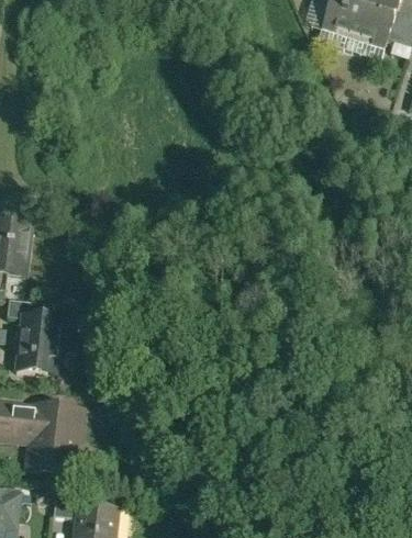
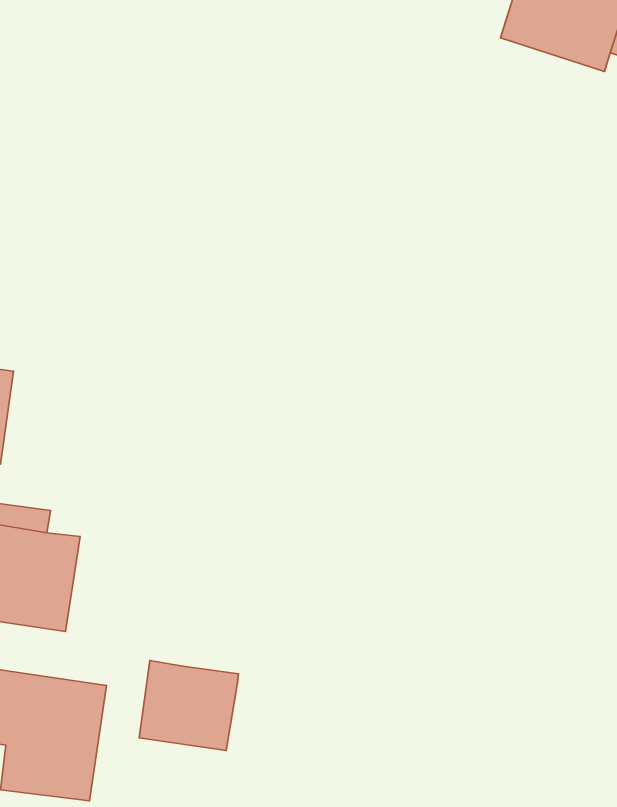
building: none -> [139,660,239,751]

